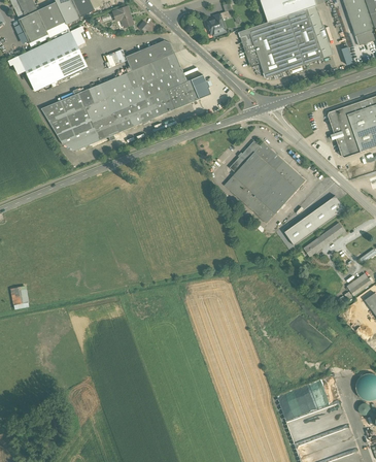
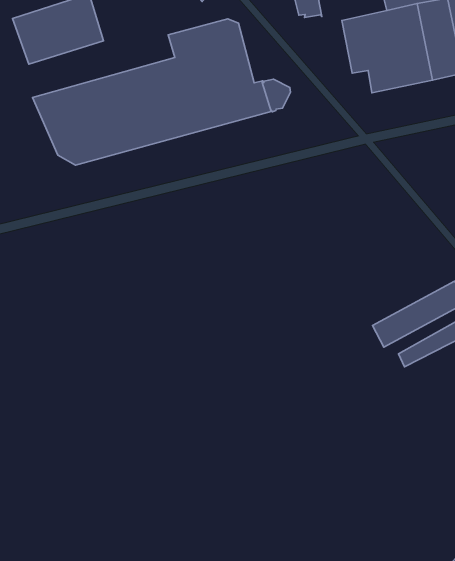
building: [224,140,304,223] -> none

